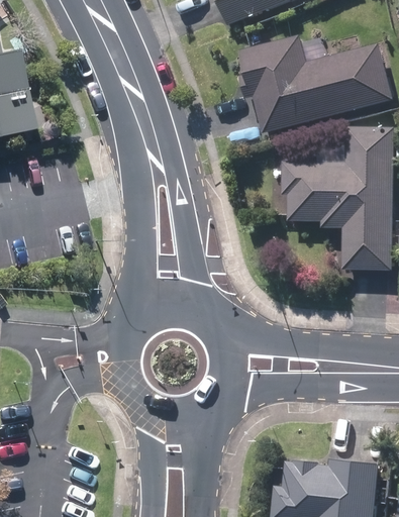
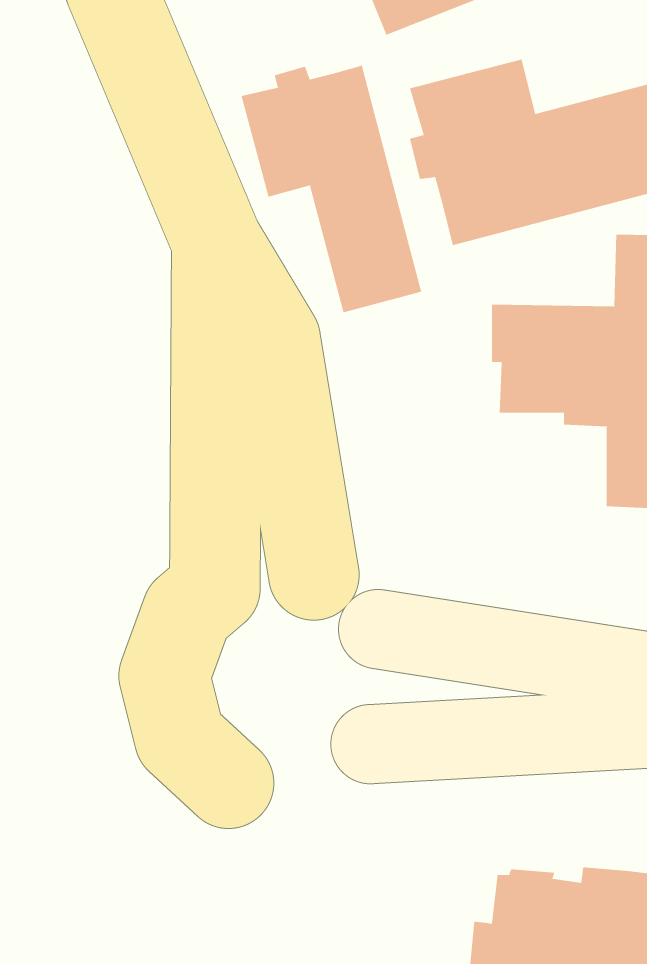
building: none -> [241,65,422,313]

